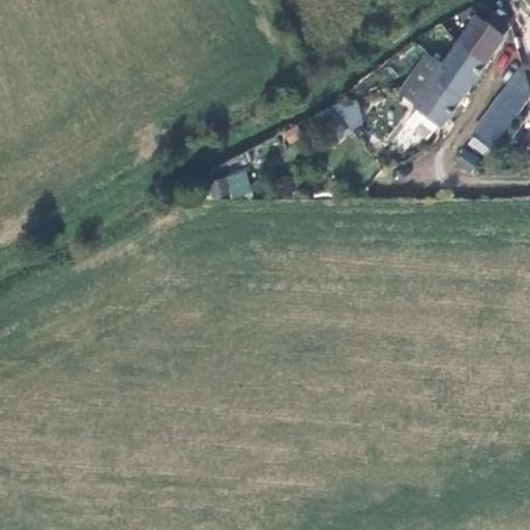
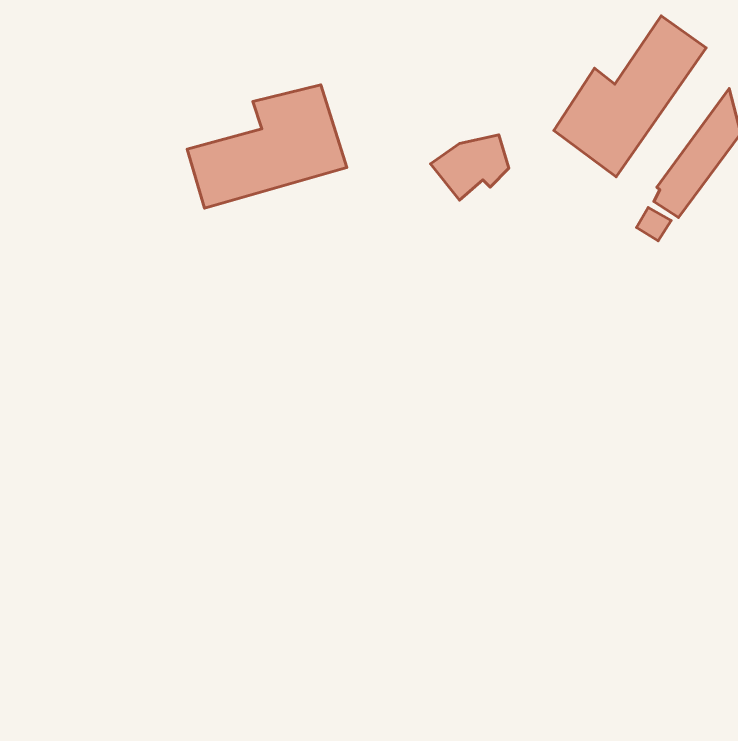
building: none -> [187,85,347,208]
building: [208,167,254,199] -> none

